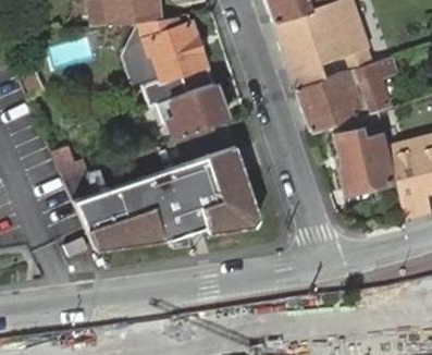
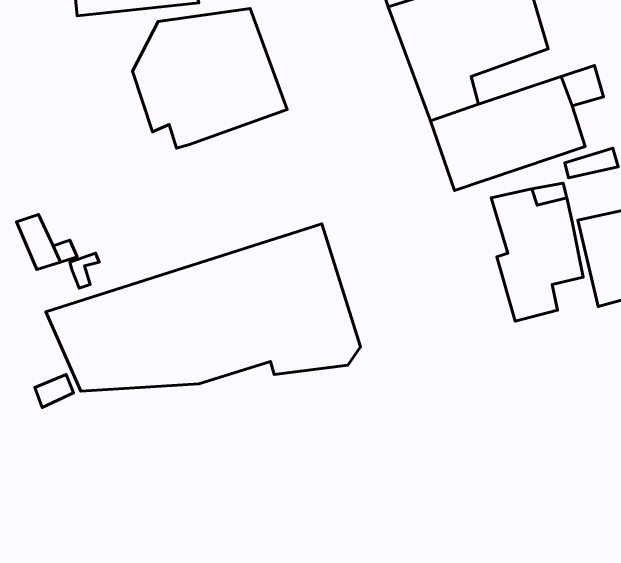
building: [157,81,227,135] -> none

